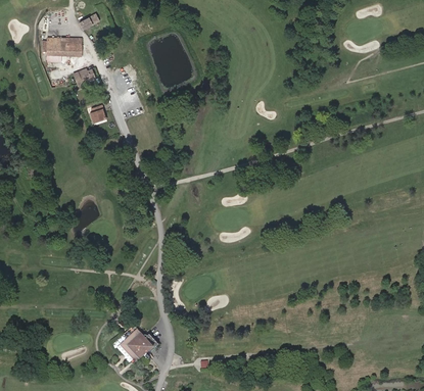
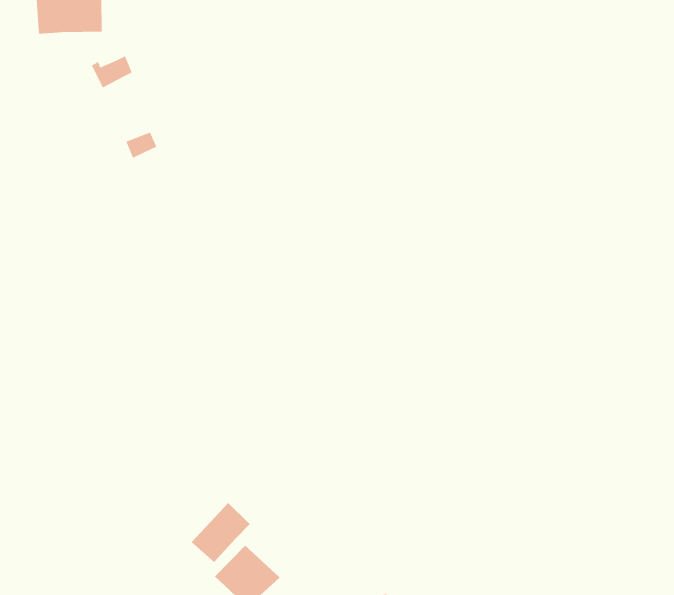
building: none -> [191,502,250,563]

